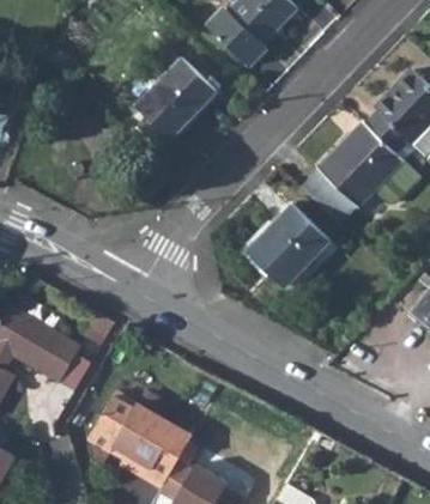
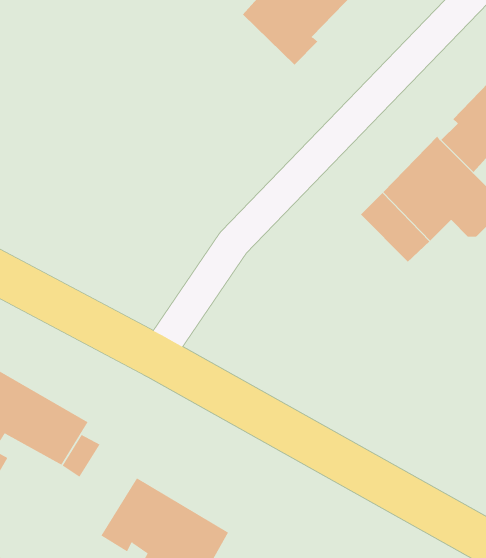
building: [134,55,214,135] -> none
building: [243,200,327,285] -> none

